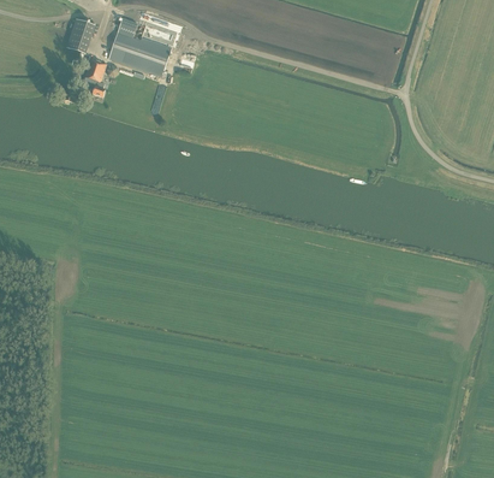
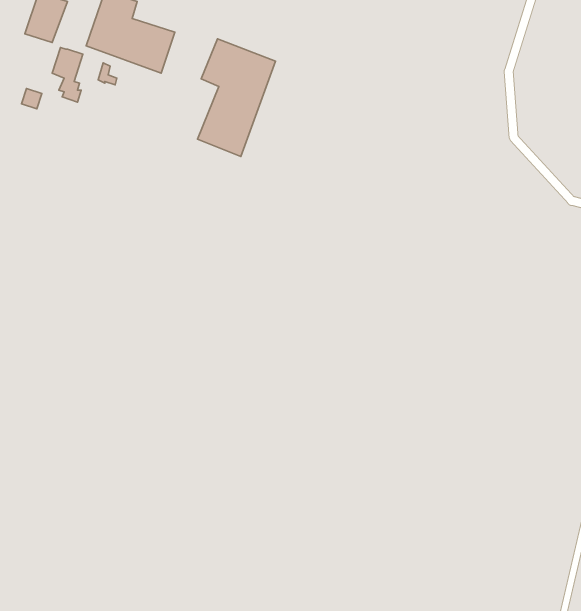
building: none -> [198,39,275,156]

